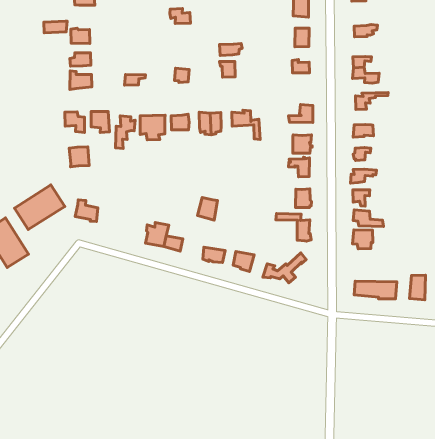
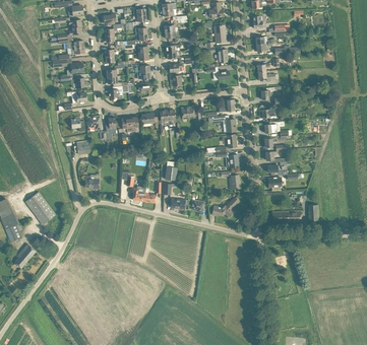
building: [15,185,65,230] -> none

